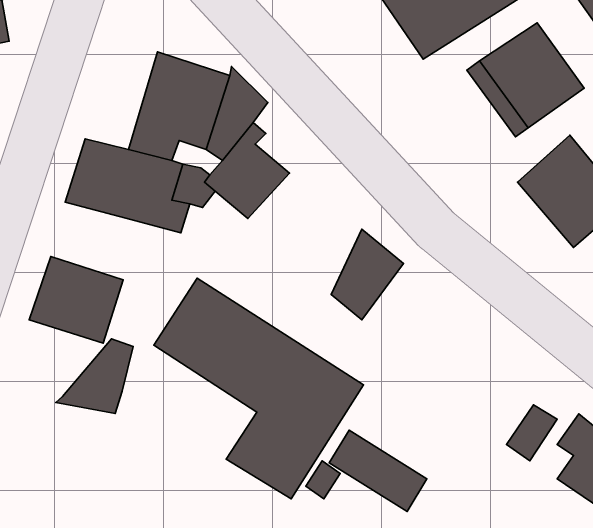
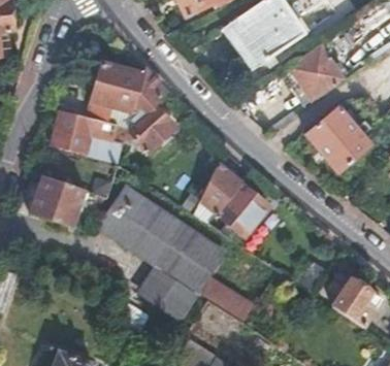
building: none -> [218,181,270,235]
building: [56,339,133,413] -> none

